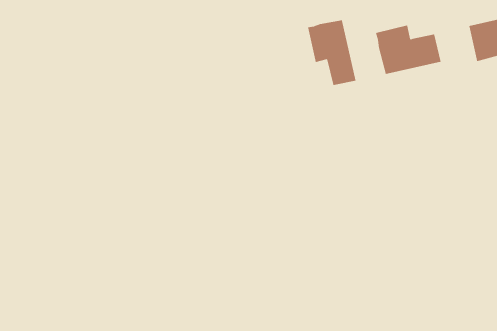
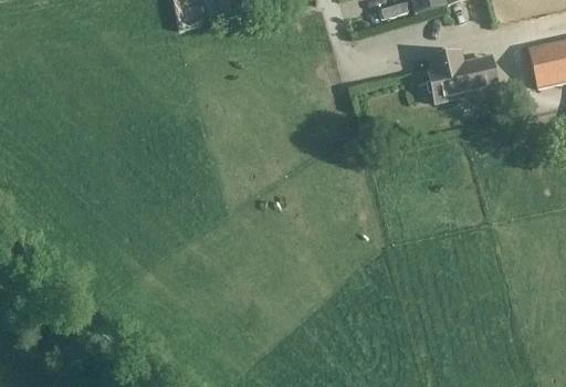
building: [308,19,356,86] -> none

